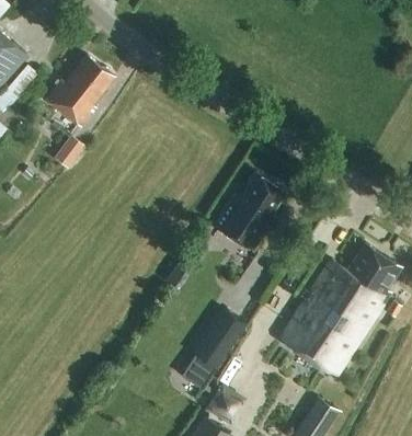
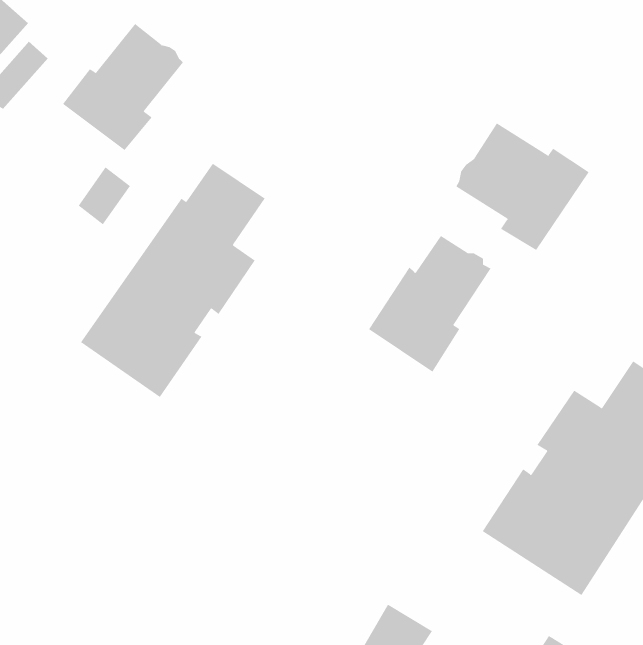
building: none -> [456,122,589,251]
building: none -> [80,163,265,398]
building: [181,310,248,391] -> none

